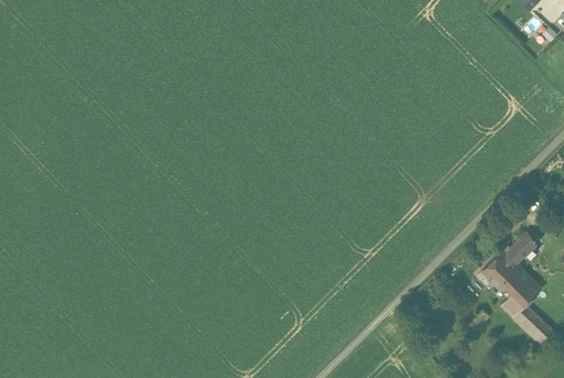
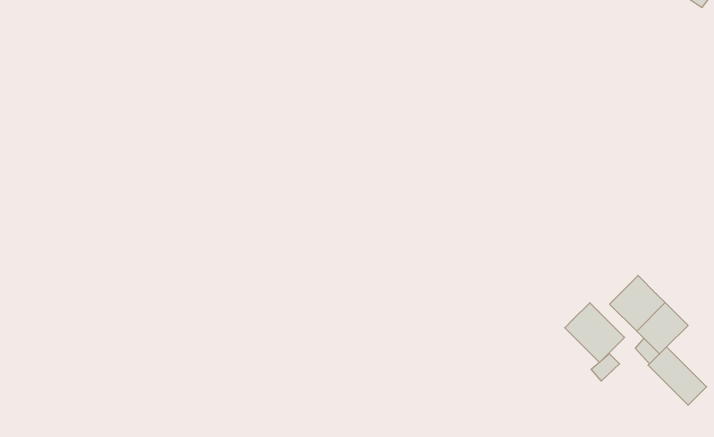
building: [503,230,539,262] -> none
building: none -> [565,303,625,362]

